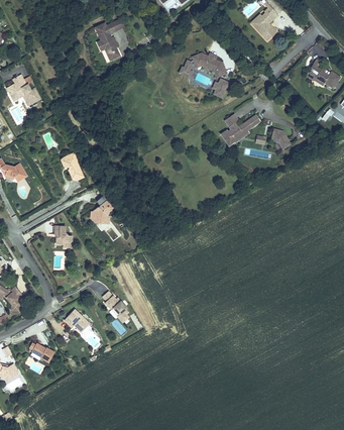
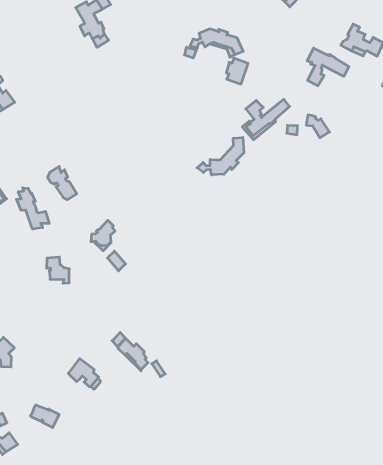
building: none -> [307,48,349,86]
building: none -> [197,137,244,175]
building: none -> [16,188,49,229]

